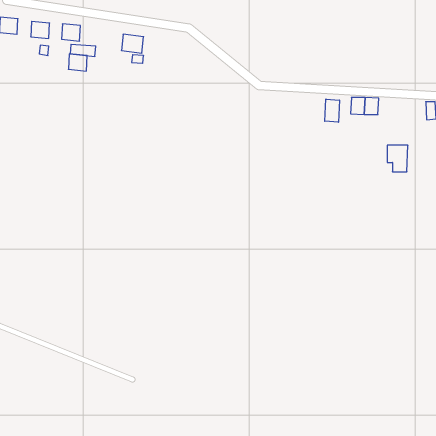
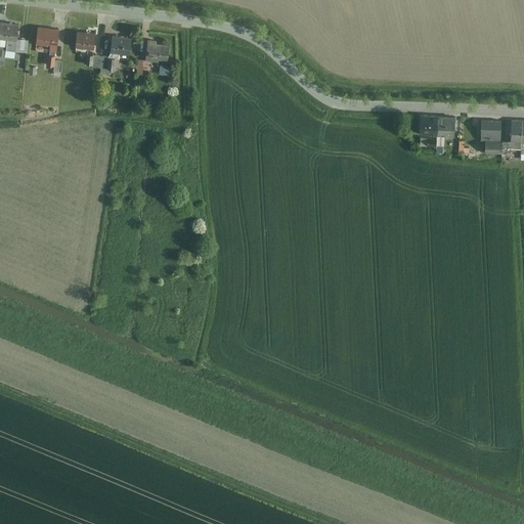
building: [68,54,87,71] -> [110,35,132,55]
building: [325,99,339,122] -> none
building: [387,145,408,172] -> [479,123,504,155]

